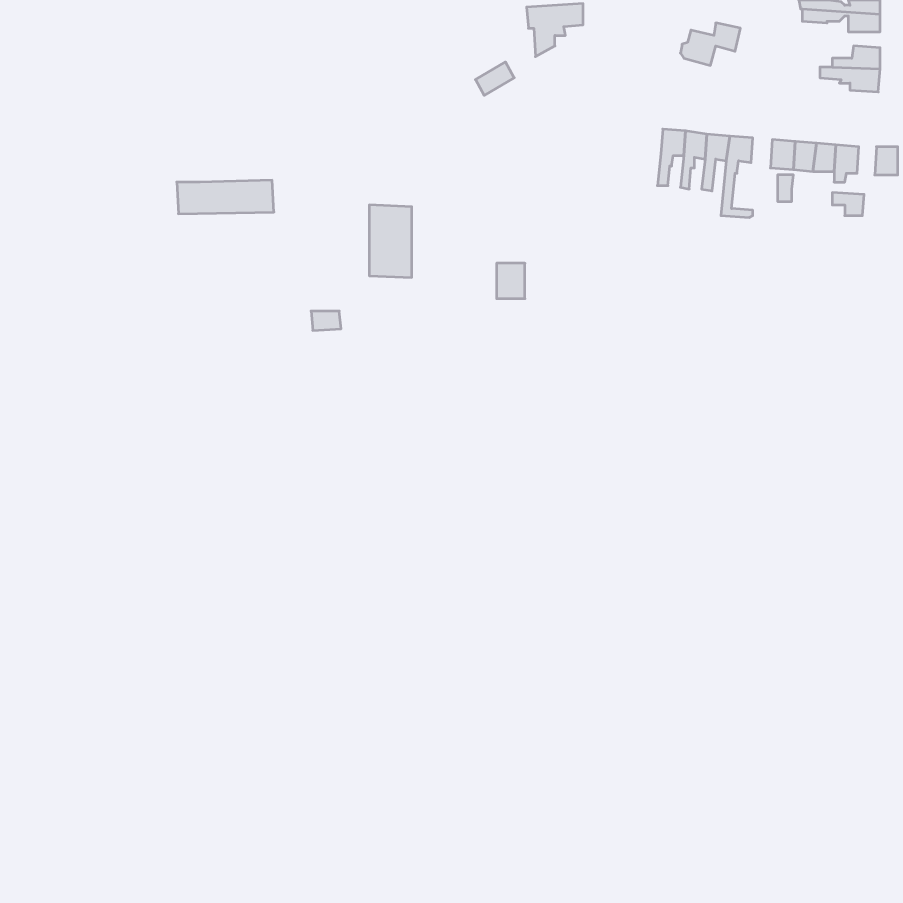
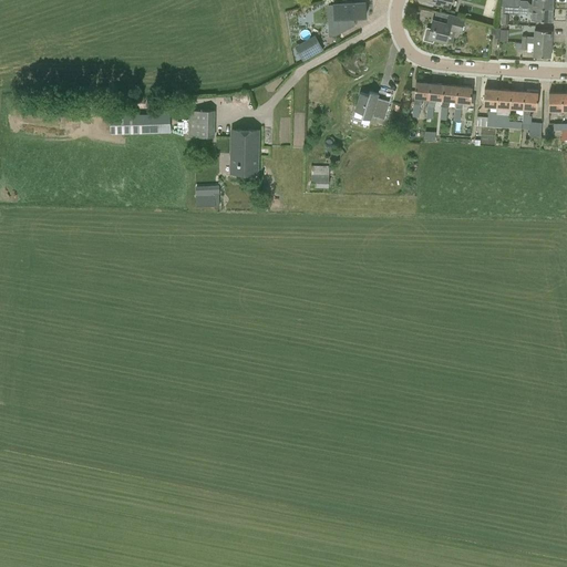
building: none -> [354,91,390,120]
building: none -> [188,110,214,137]

